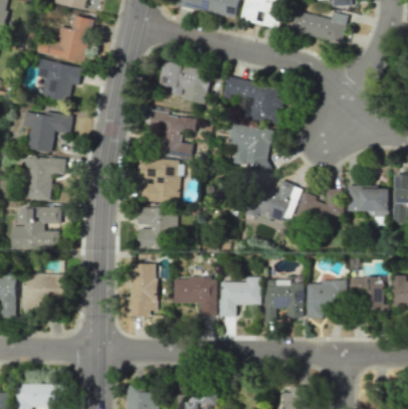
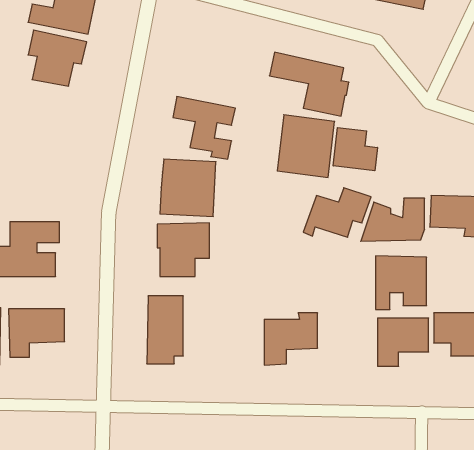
building: [159,61,212,103] -> none
building: [23,110,72,152] -> none
building: none -> [333,128,377,171]
building: [24,156,65,199] -> none
building: [174,276,216,316] -> none
building: [264,279,303,321] -> [376,256,427,309]

